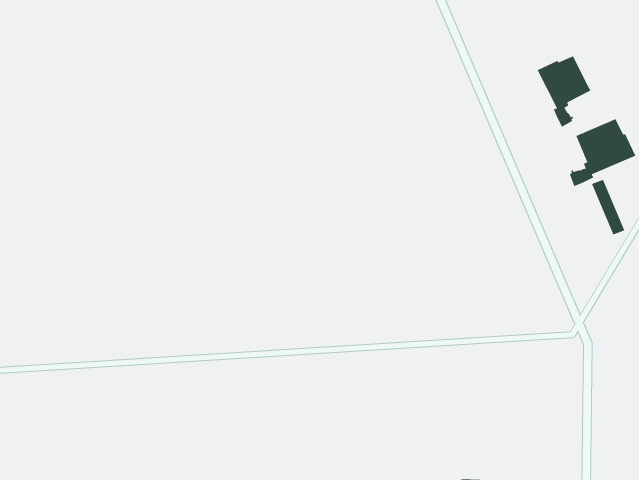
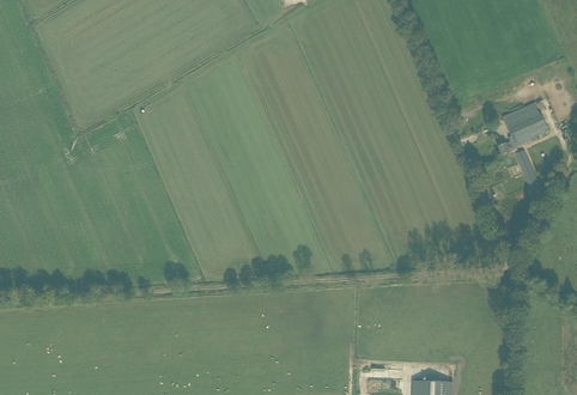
building: [537,55,591,127] -> none

